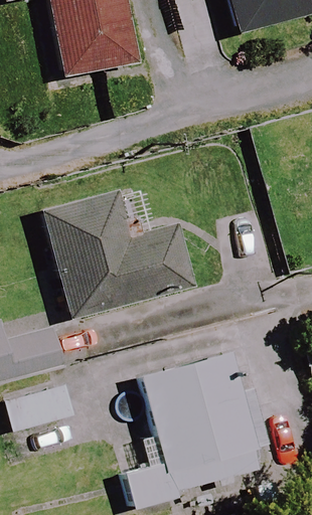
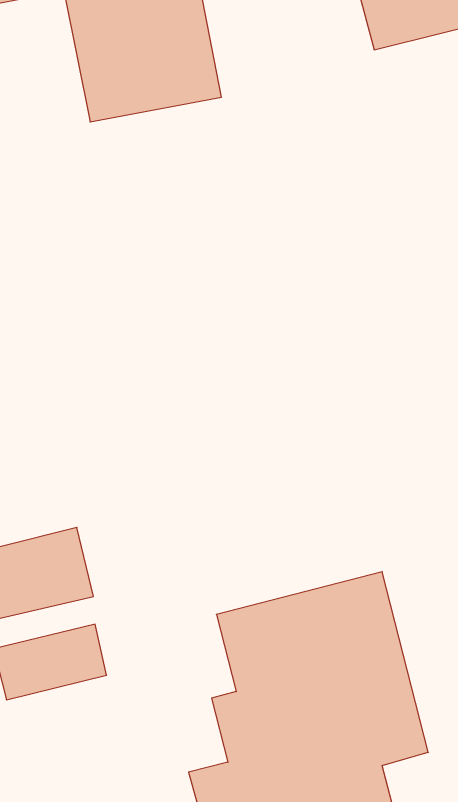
building: [47,192,188,312] -> none

